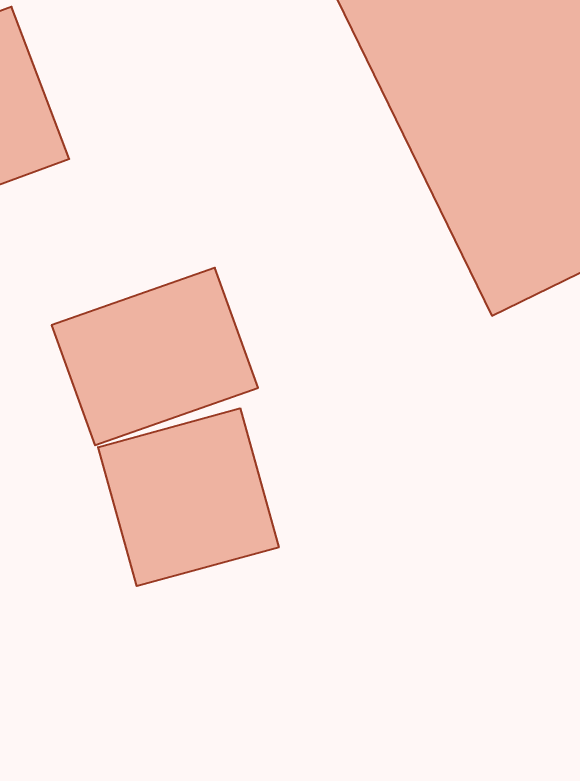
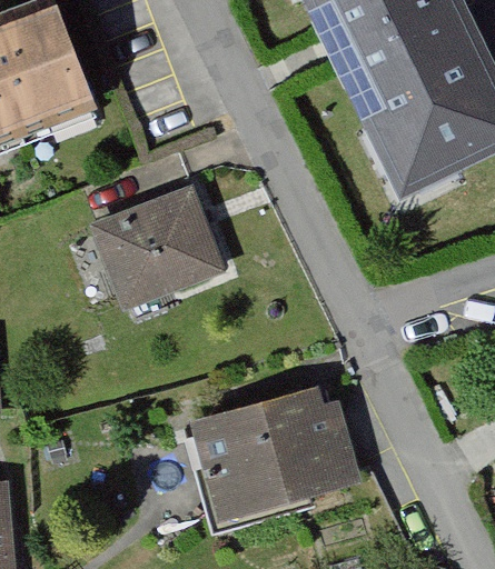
building: [98,408,279,586] -> none
building: none -> [190,385,360,527]

